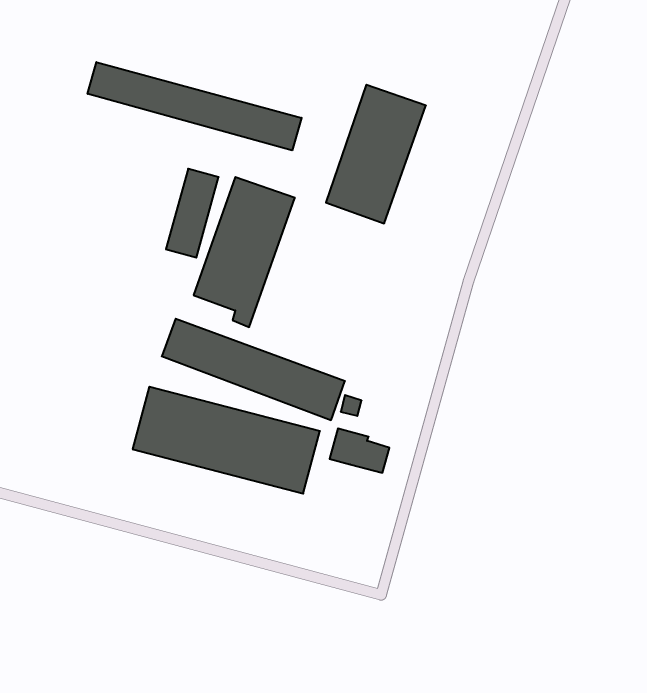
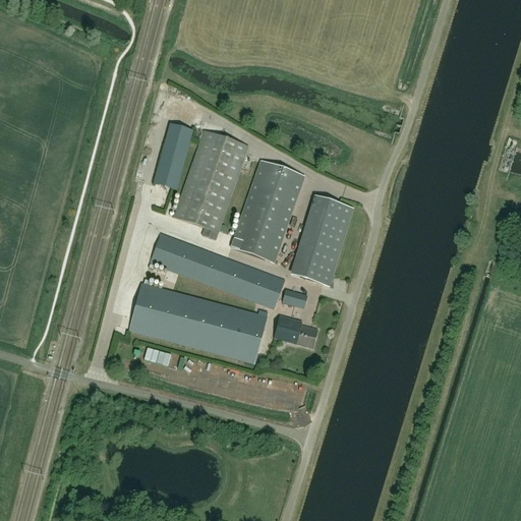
building: [88,62,302,150] -> none
building: [326,85,426,223] -> [231,161,304,263]
building: none -> [299,196,353,286]

